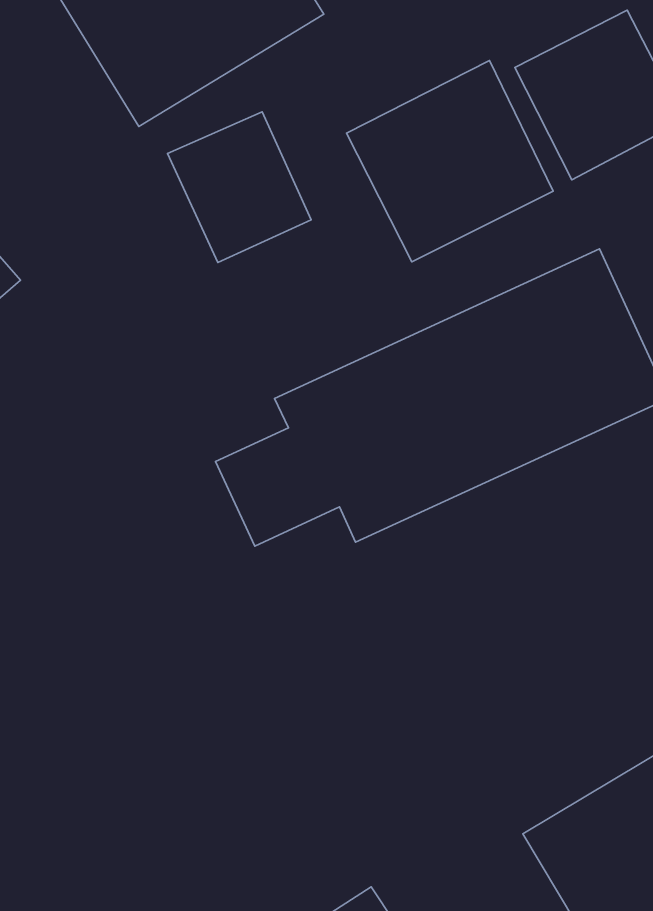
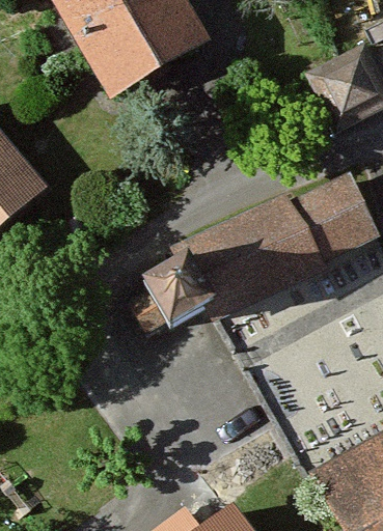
building: [346,61,553,262] -> none
building: [168,112,311,263] -> none

